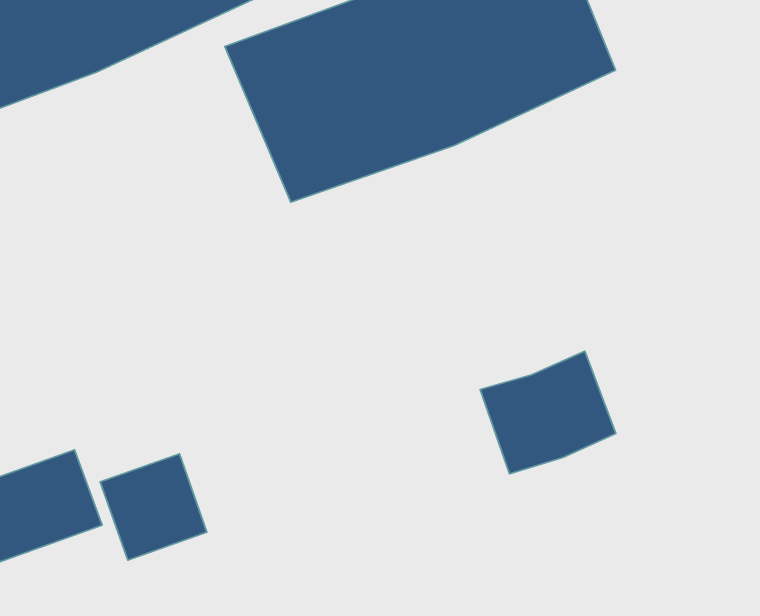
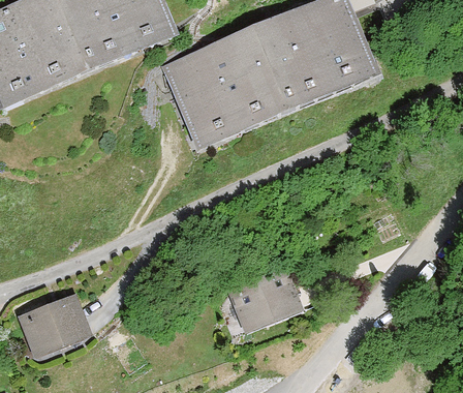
building: [480,351,616,474] -> [225,265,302,334]
building: [100,454,207,560] -> none

